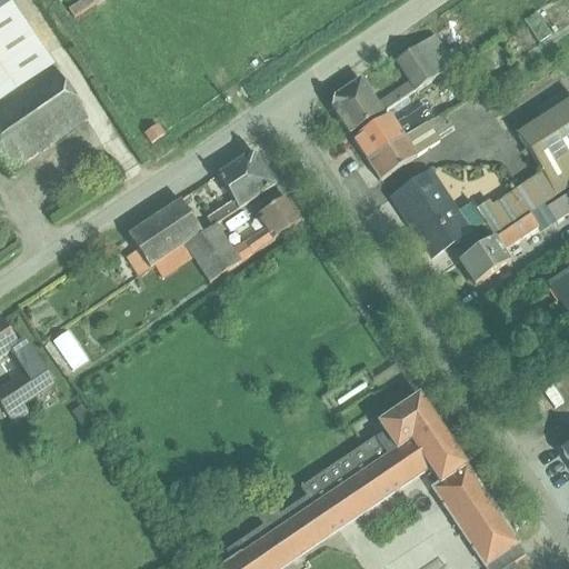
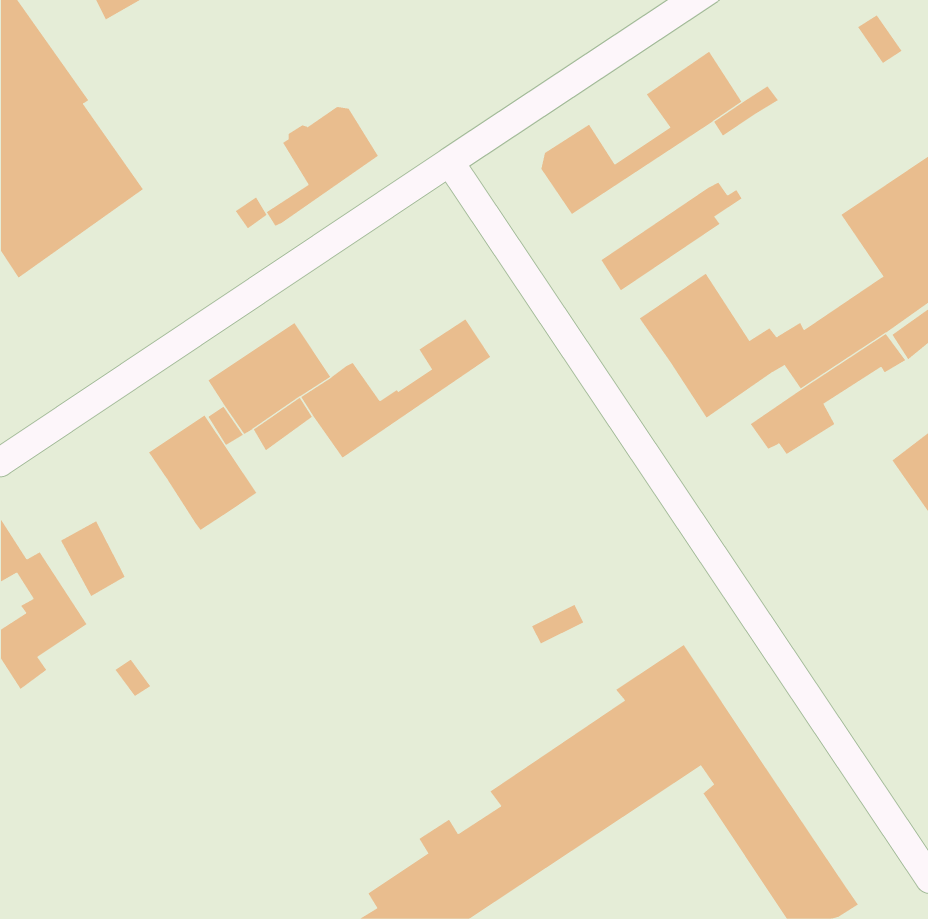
building: [352,102,433,159] -> none
building: [207,150,276,223] -> [266,107,379,227]
building: none -> [148,414,257,531]

